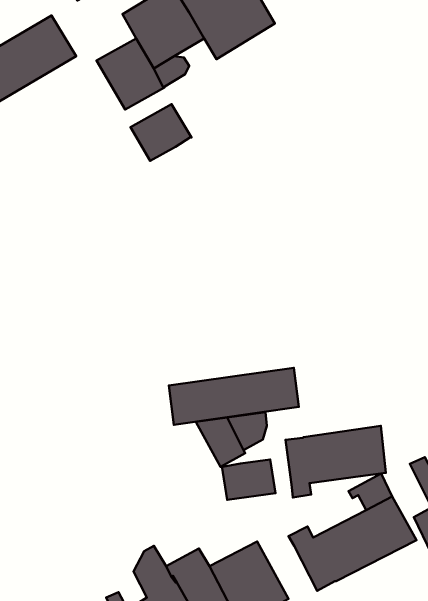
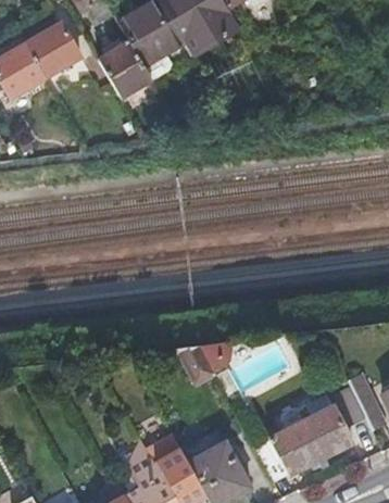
building: [130,104,191,161] -> none
building: [169,368,299,425] -> none
building: [285,426,386,497] -> none
building: [222,459,276,500] -> none

